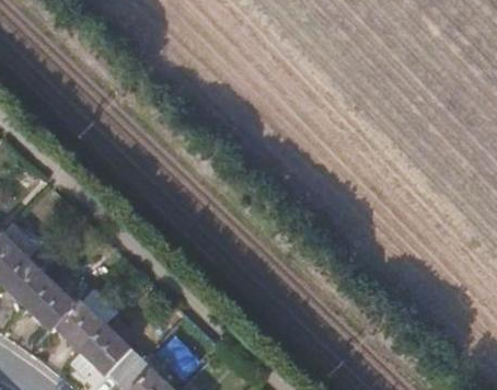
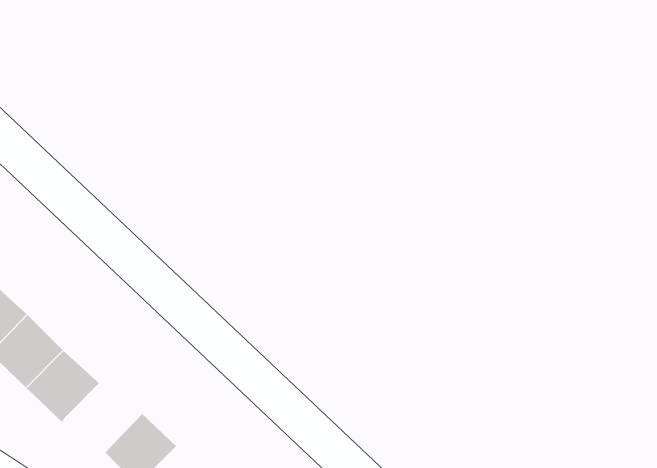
building: [57,301,109,353] -> none

